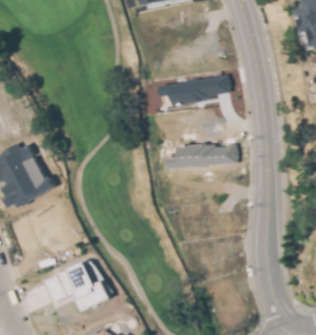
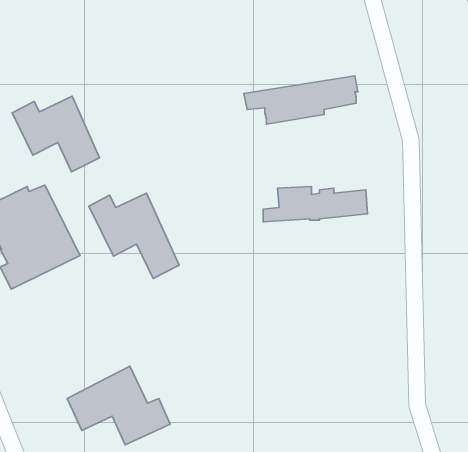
building: none -> [12,96,99,172]
building: none -> [89,193,179,278]

